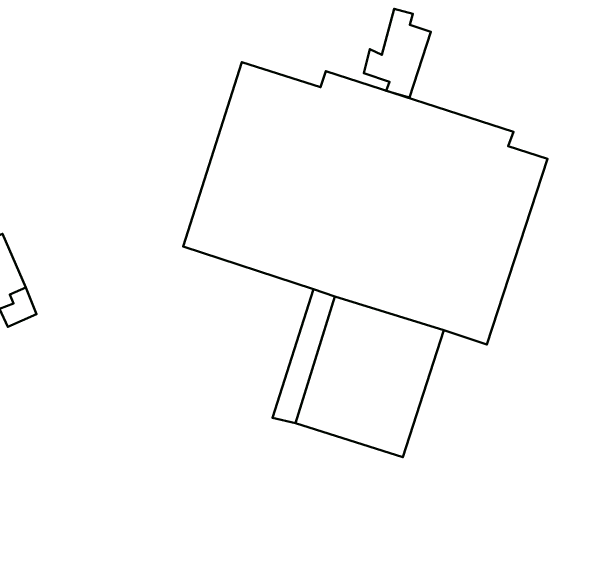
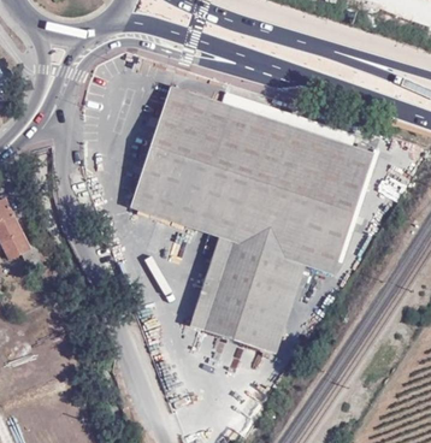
building: [364,9,431,98] -> none

